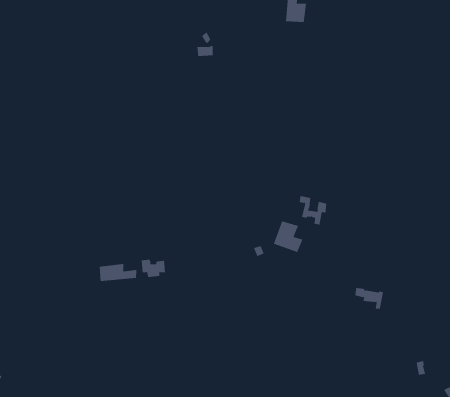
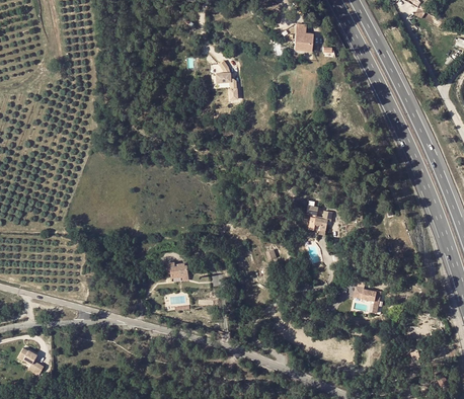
building: [273,221,303,253] -> none
building: [99,263,137,282] -> none

